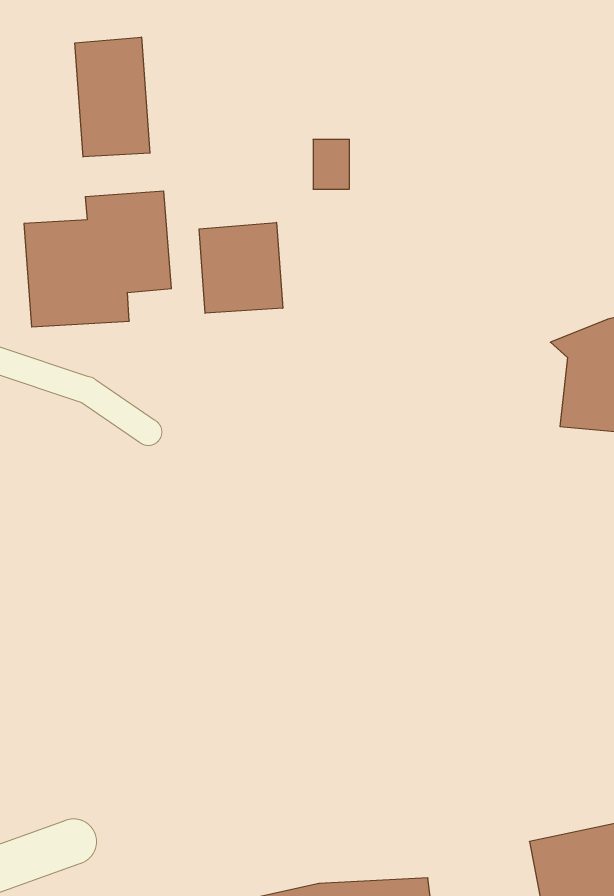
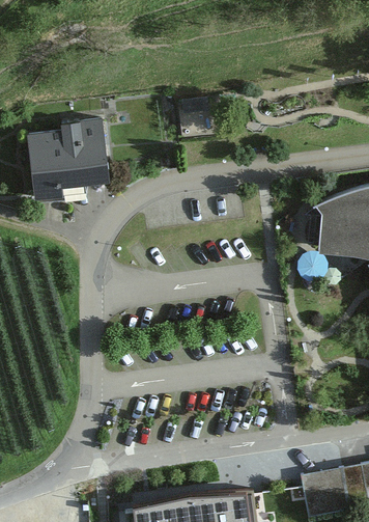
building: [75,37,150,157] -> none
building: [199,222,283,313] -> none

